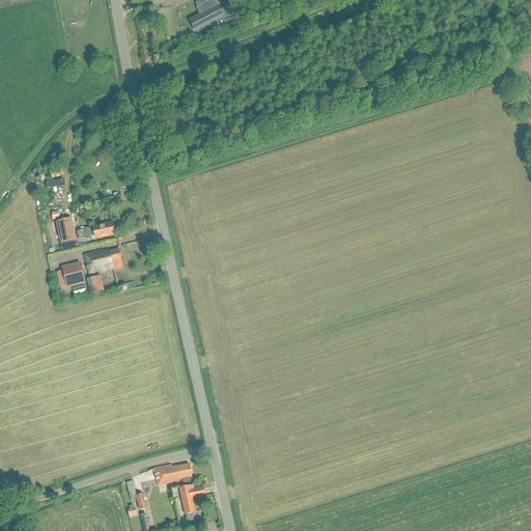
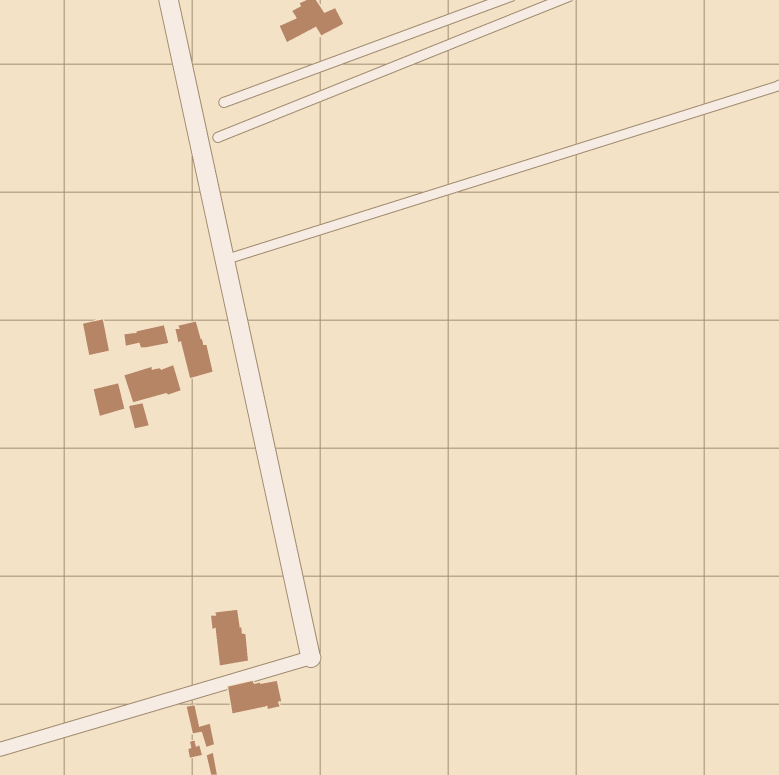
building: none -> [175,321,213,379]
building: none -> [211,609,249,666]
building: [179,483,204,512] -> none

